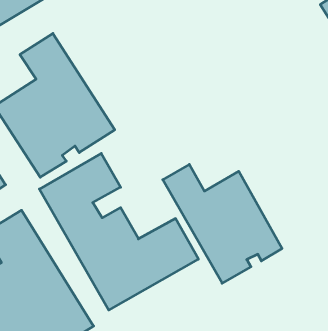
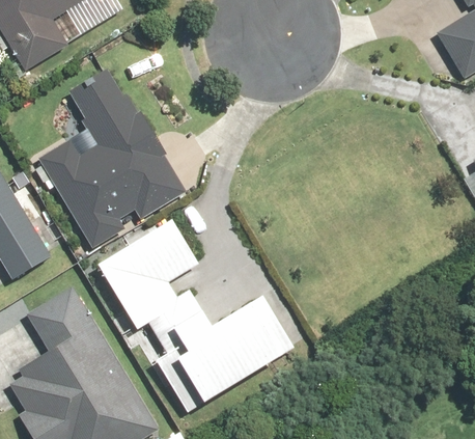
building: [163,164,282,283] -> none

